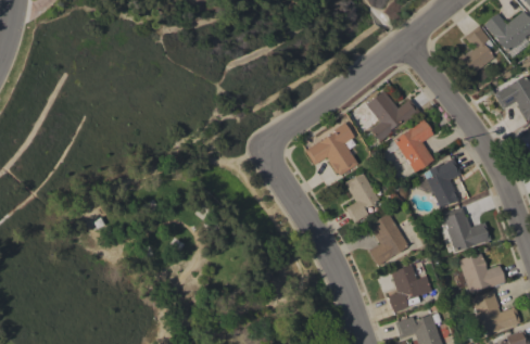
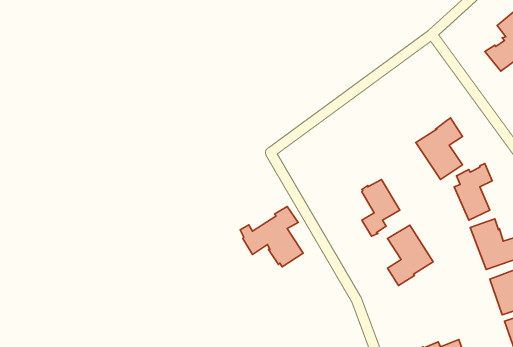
building: [367,90,420,141] -> none
building: [304,123,359,176] -> [240,206,303,267]
building: [389,264,432,313] -> none

